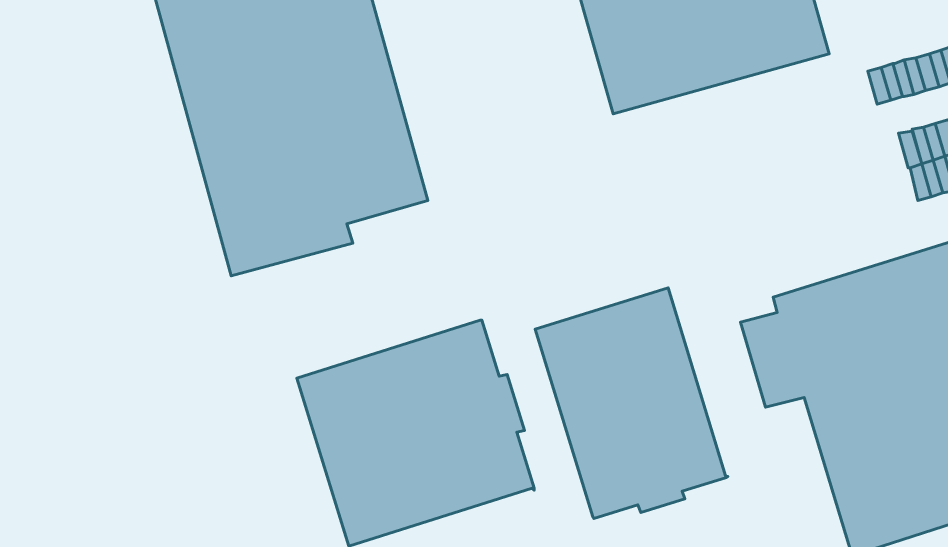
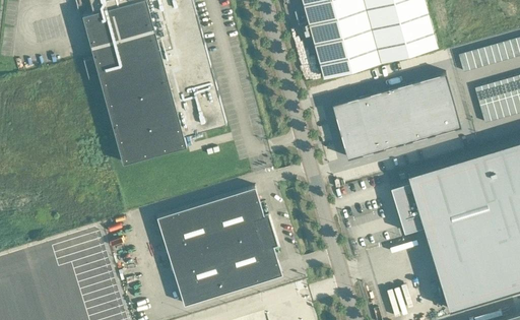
building: none -> [333,75,462,161]
building: [535,288,728,519] -> none

